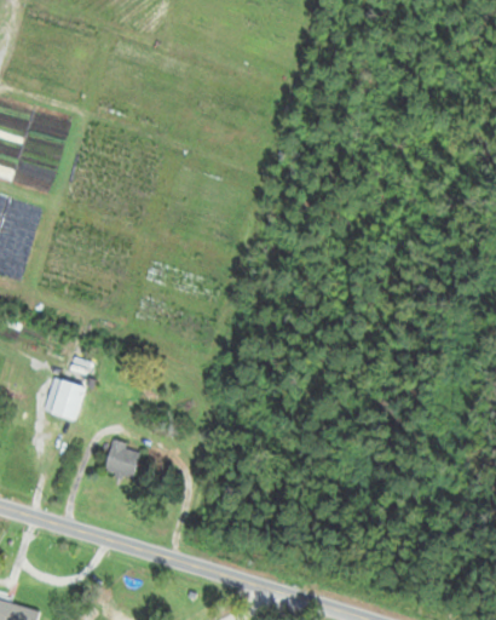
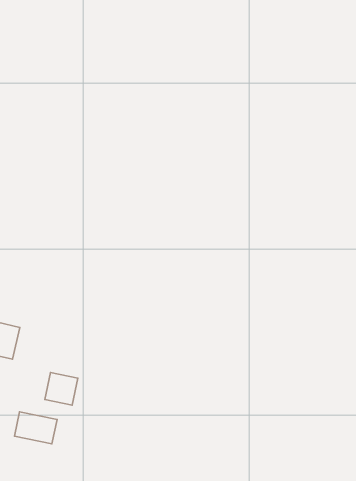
building: none -> [14,412,57,444]

